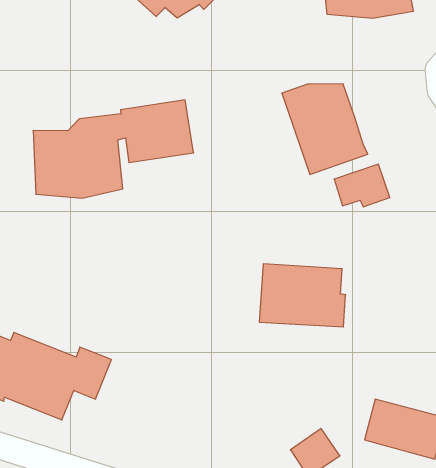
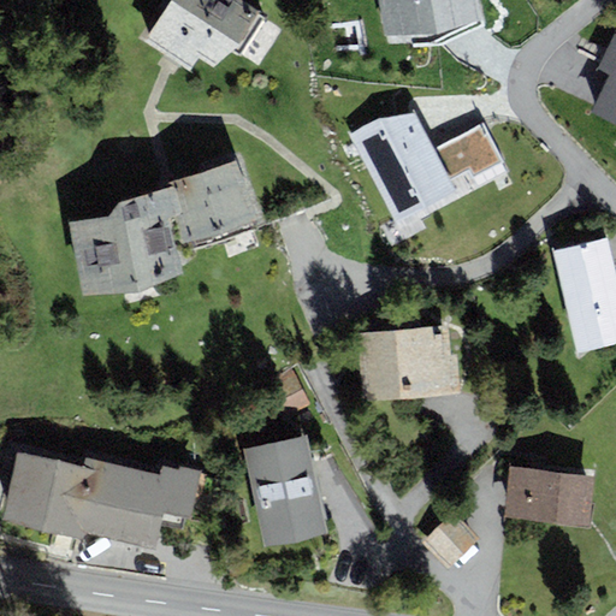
building: [334,164,390,207] -> [436,124,503,178]
building: none -> [244,436,327,546]

